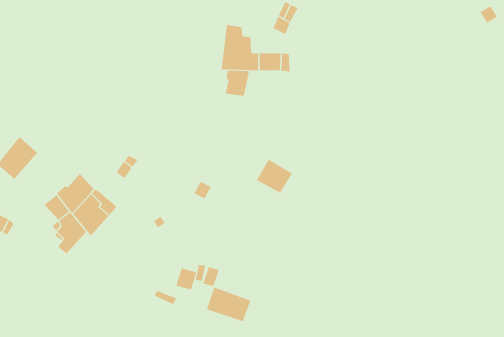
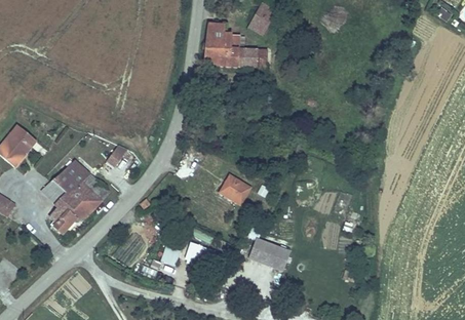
building: [225,70,249,96] -> none
building: [256,159,293,194] -> [220,173,254,205]
building: [206,287,251,322] -> [249,238,290,270]

